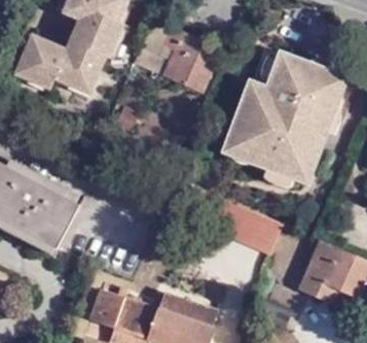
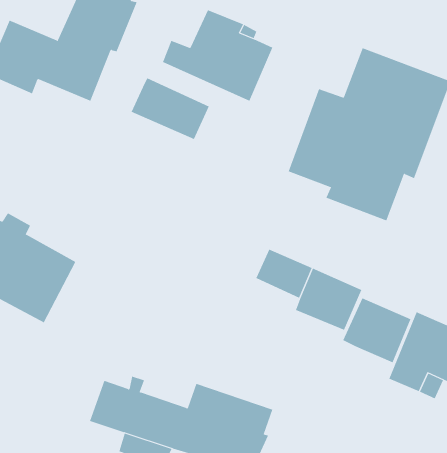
building: none -> [131,78,209,140]
building: none -> [342,297,411,363]

